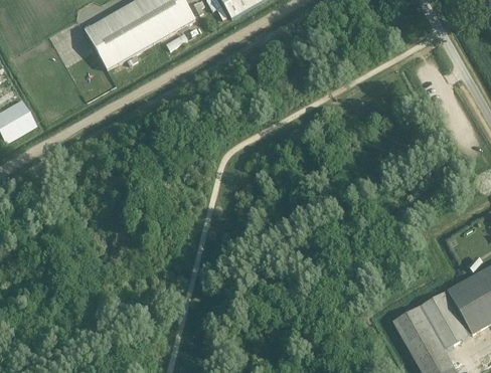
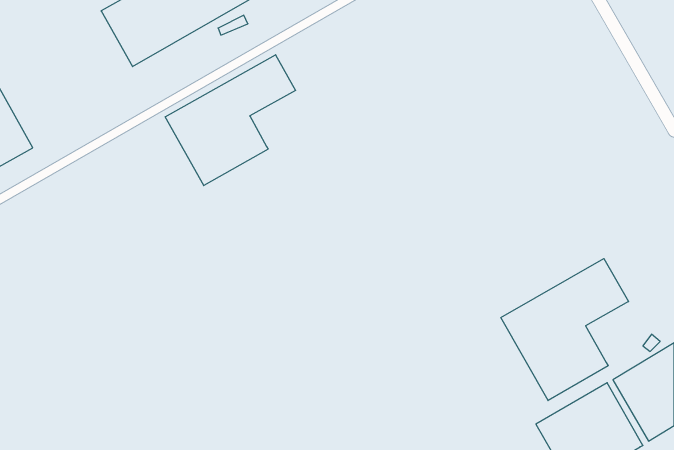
building: none -> [165,55,296,186]
building: none -> [501,259,629,401]

